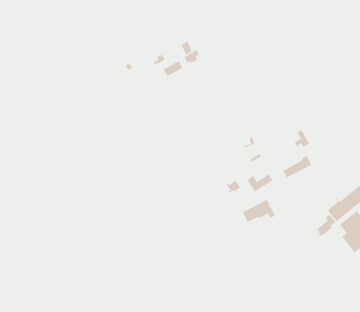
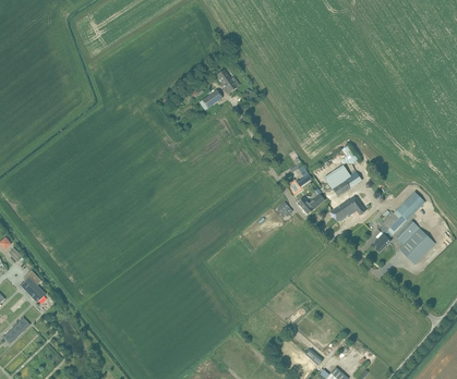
building: [242,199,276,223] -> [329,195,364,221]

